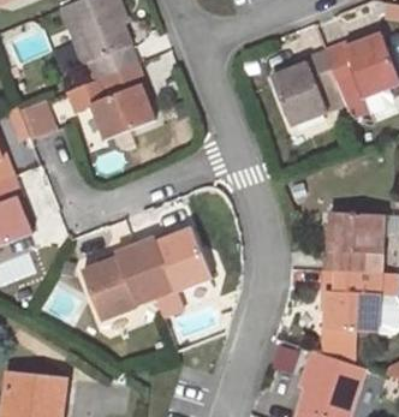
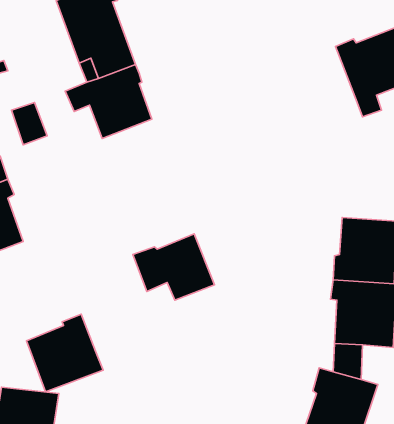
building: [270,50,345,125] -> none
building: [82,246,154,320] -> [26,314,103,392]

